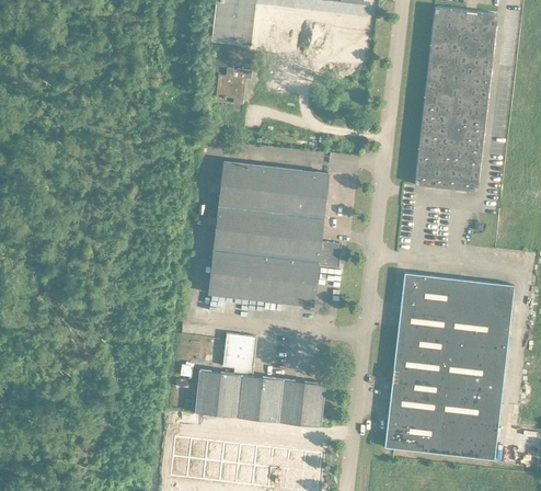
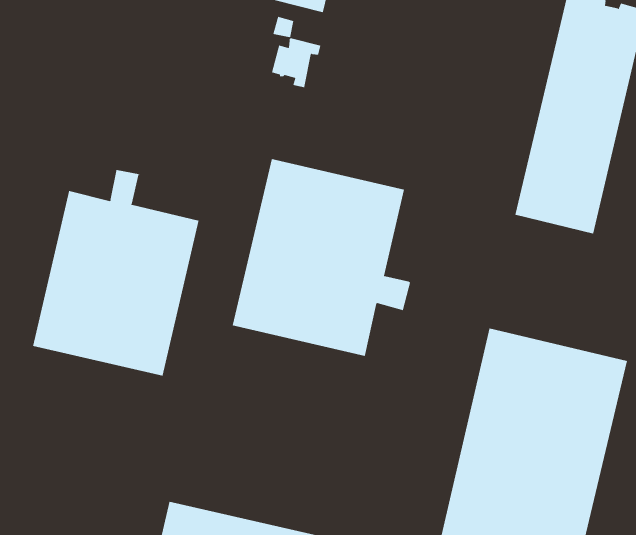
building: none -> [33,169,199,377]
building: [195,333,325,427] -> none

